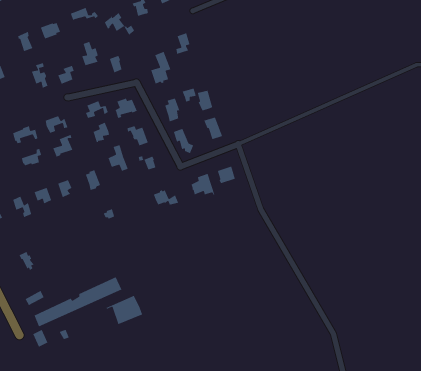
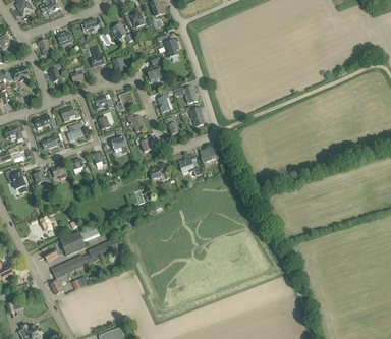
building: [105,295,143,325] -> [55,231,86,256]

